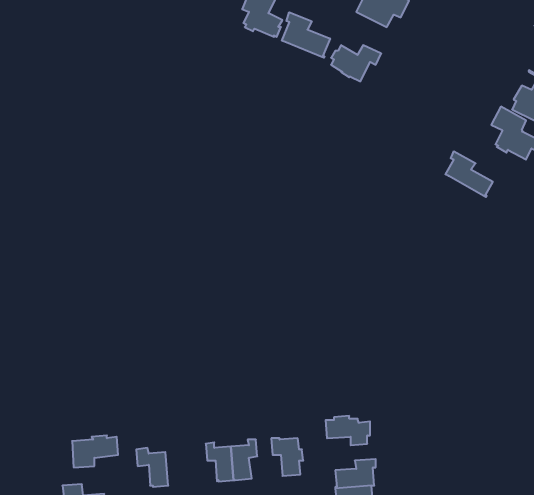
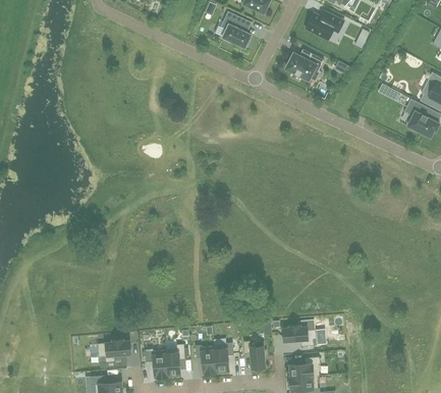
building: [282,12,330,58] -> none
building: [445,151,493,197] -> none
building: none -> [166,346,185,376]

